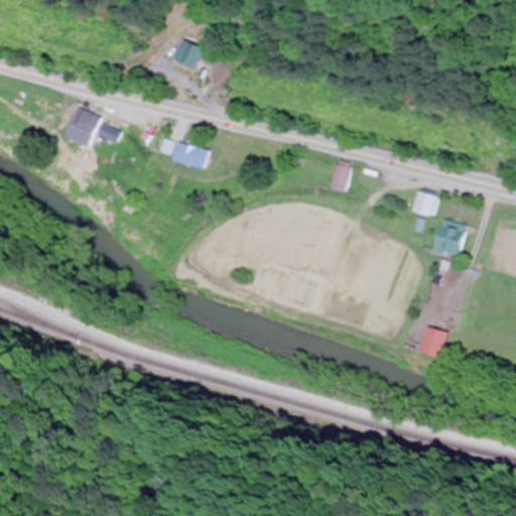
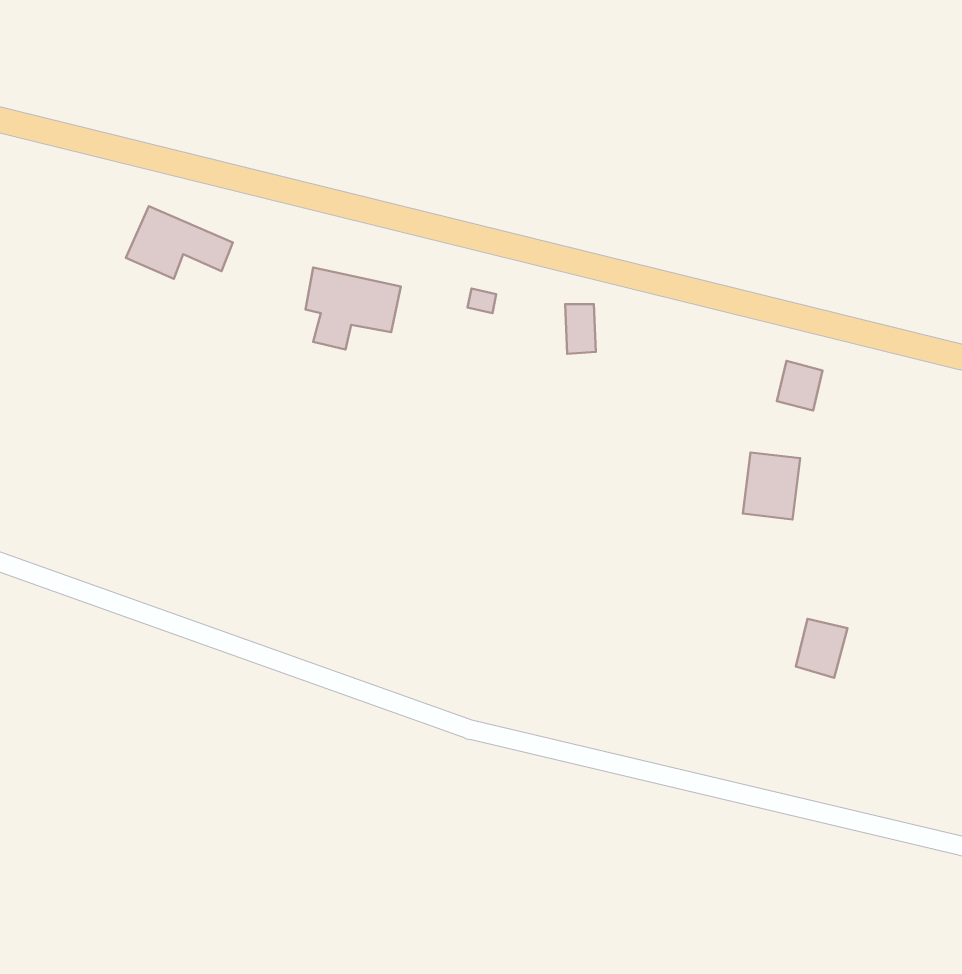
building: [174,39,205,68] -> none
building: [330,165,346,191] -> [565,304,596,354]
building: [432,221,463,256] -> [743,453,800,519]

